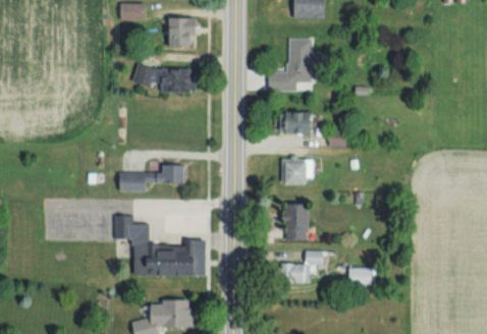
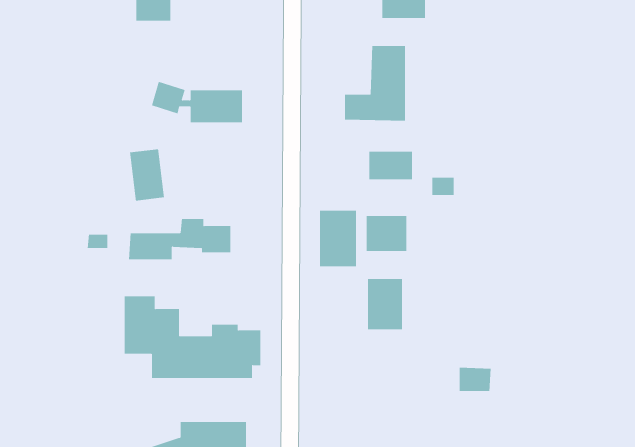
building: [170,16,202,49] -> none
building: none -> [130,148,165,202]
building: none -> [319,210,356,267]
building: [279,250,324,284] -> none

